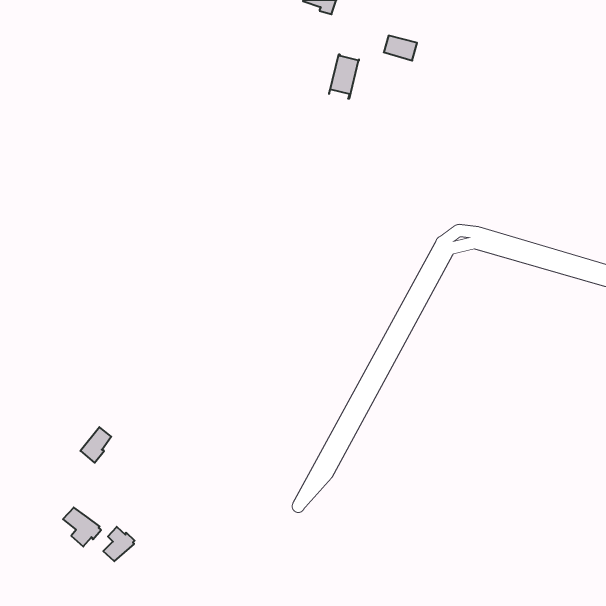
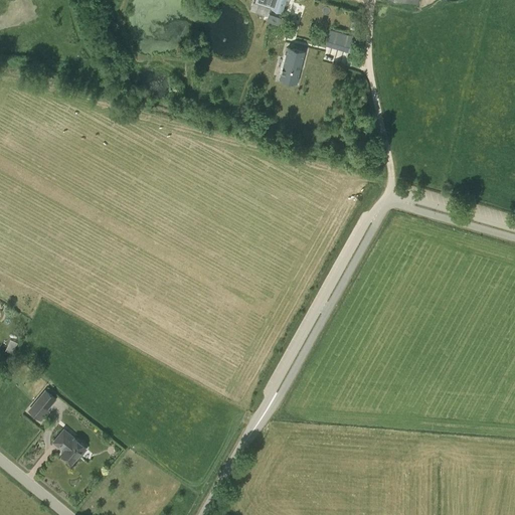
building: [80,427,111,463] -> [28,391,54,421]
building: [103,527,135,561] -> none

